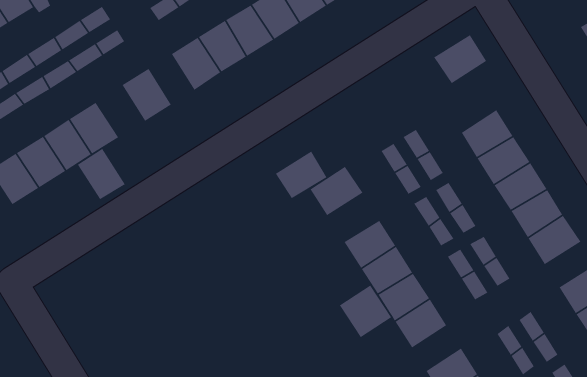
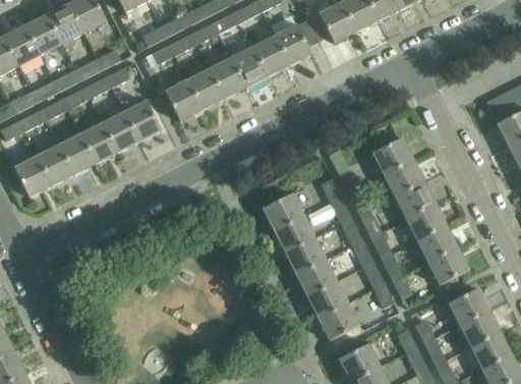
building: [433,34,487,84] -> [372,136,414,174]
building: [77,148,126,200] -> [103,111,139,152]
building: [275,150,327,199] -> [274,214,314,251]
building: [339,285,392,338] -> none

